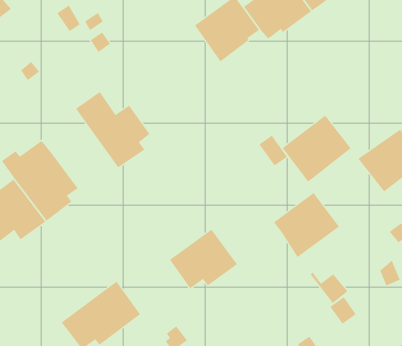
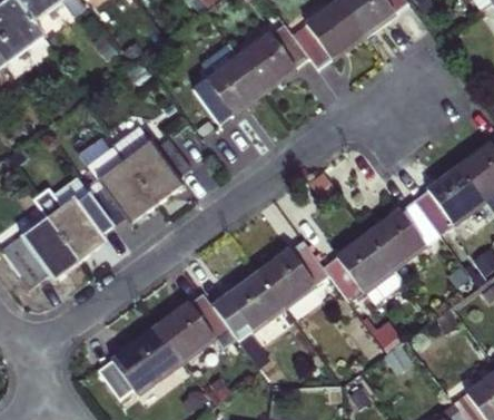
building: none -> [194,40,266,123]
building: none -> [79,136,157,227]
building: [282,115,351,183] -> [366,196,441,268]
building: none -> [257,237,330,309]
building: none -> [156,292,236,362]

